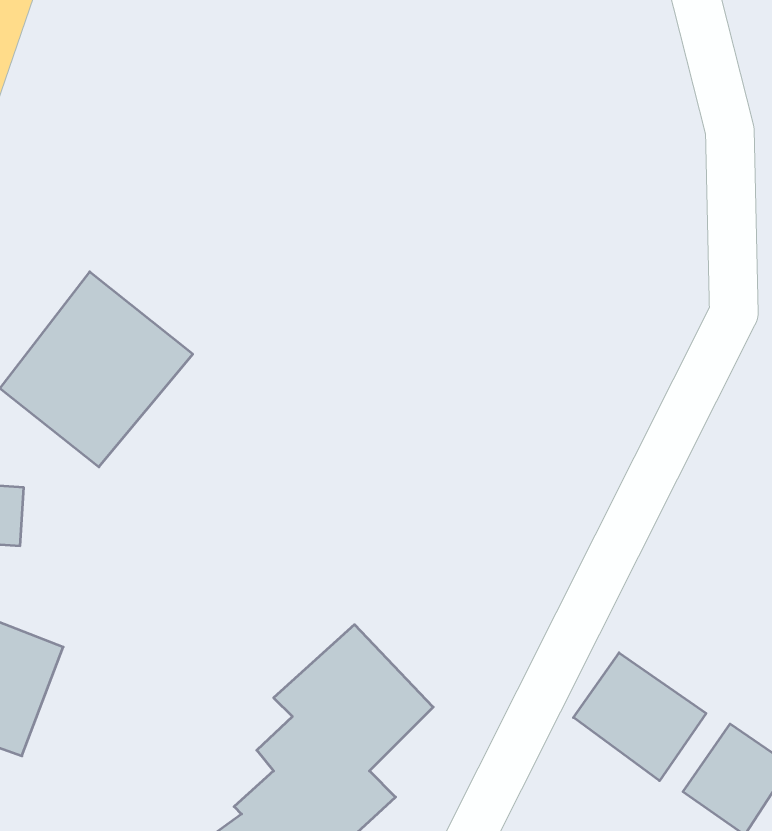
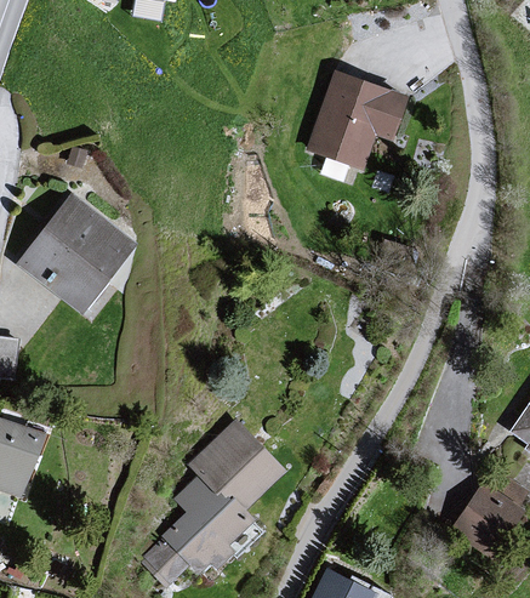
building: none -> [306,70,415,173]
building: [573,653,706,781] -> none

